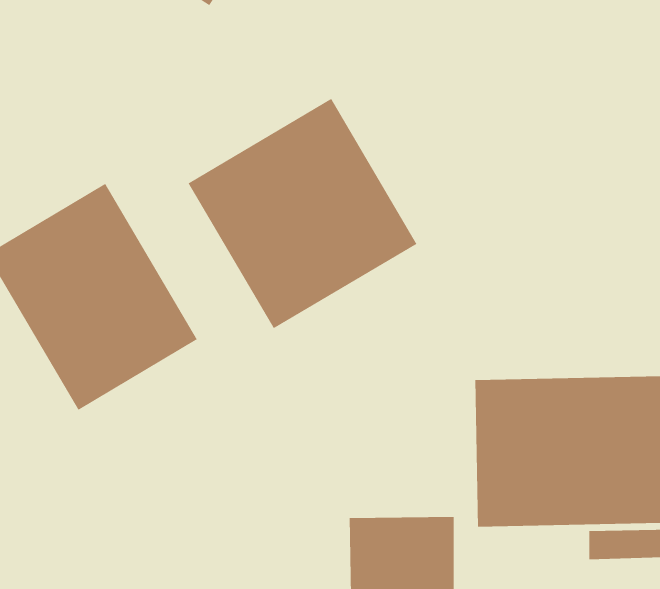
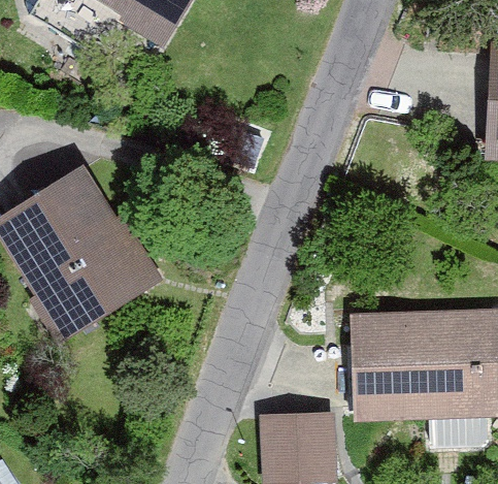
building: [187,98,418,329] -> none

